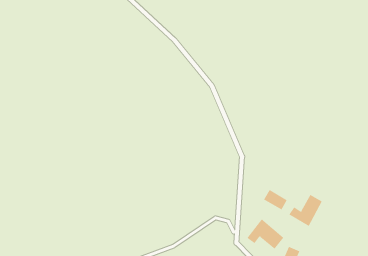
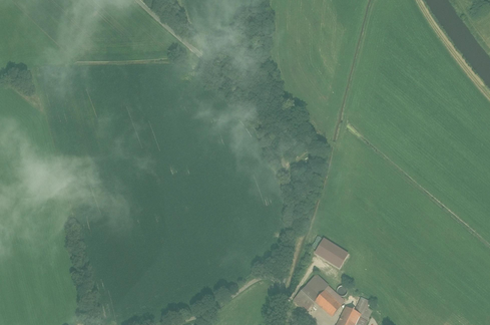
building: [289,194,323,227] -> none

